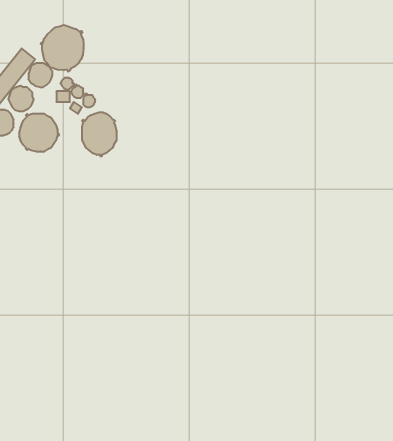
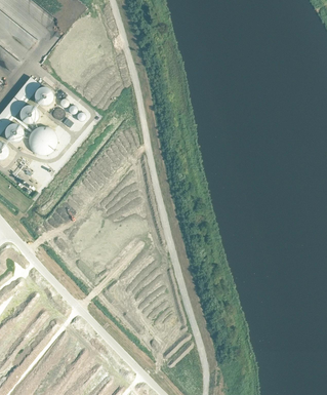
building: [41,25,84,72] -> none
building: [82,112,116,156] -> none

